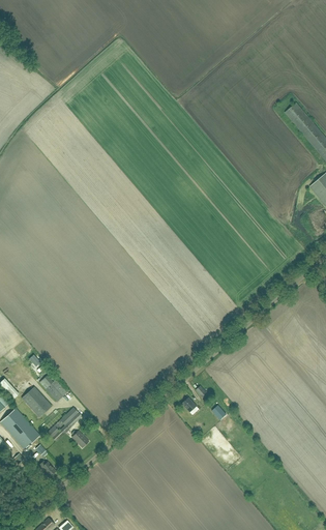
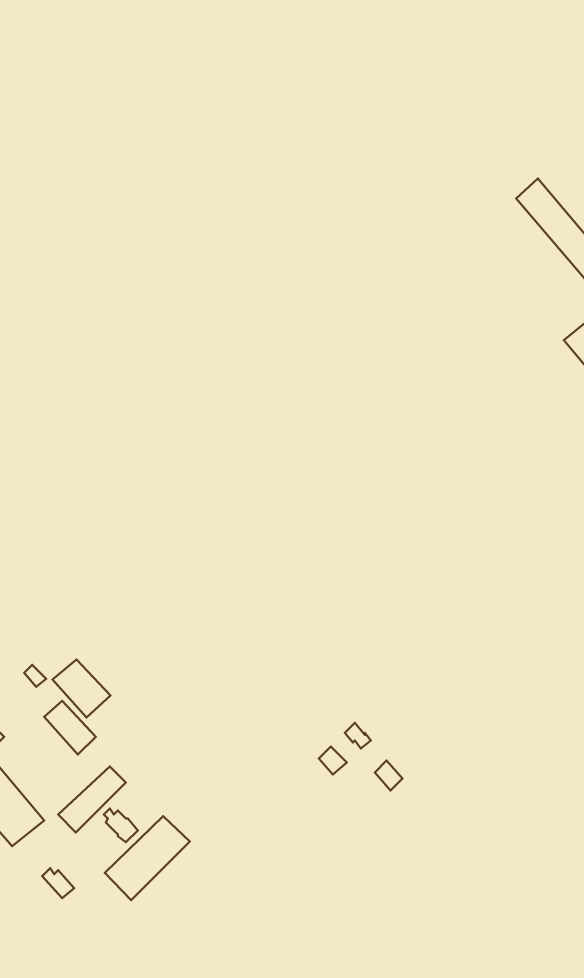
building: [21,387,51,417] -> [53,660,110,717]
building: none -> [105,816,190,900]

